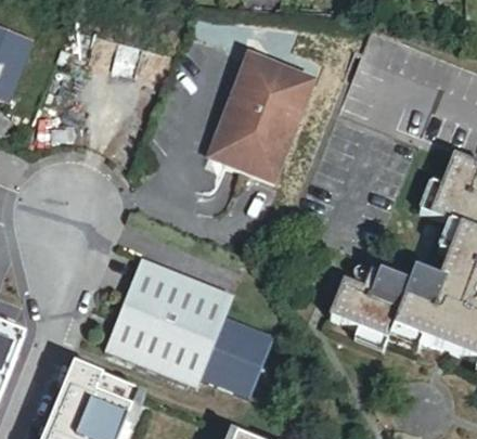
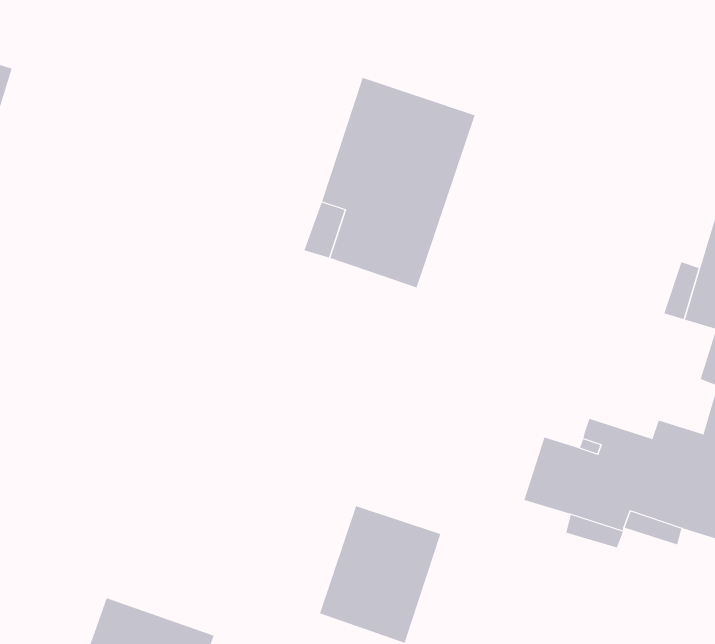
building: [108,262,233,385] -> none

